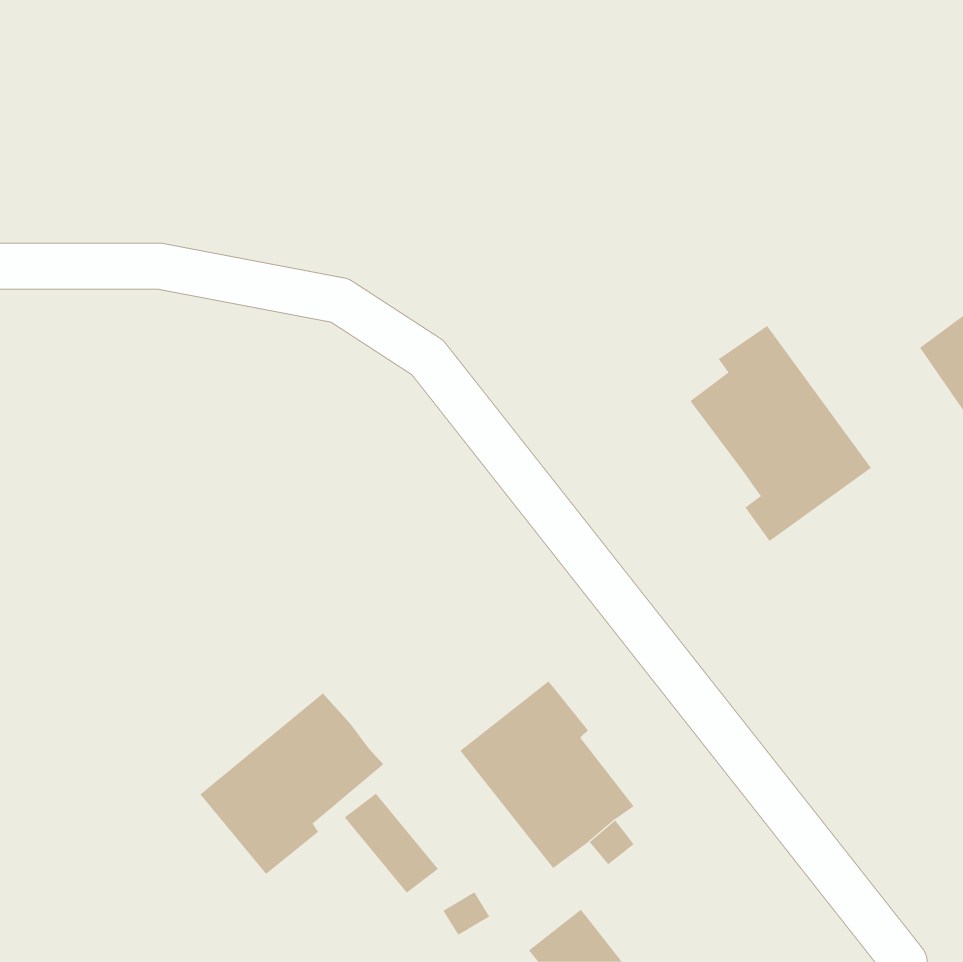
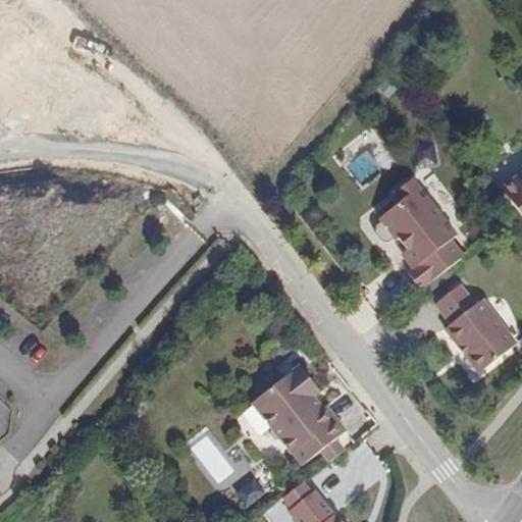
building: none -> [435,284,517,373]
building: [200,692,384,875] -> none

